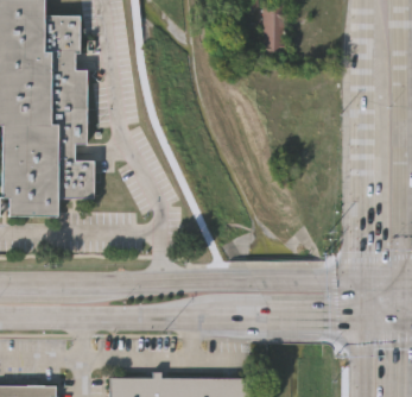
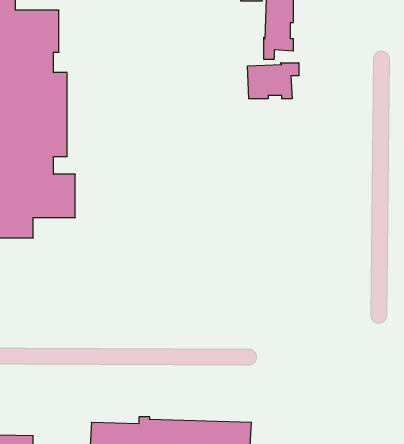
building: none -> [248,63,299,99]

